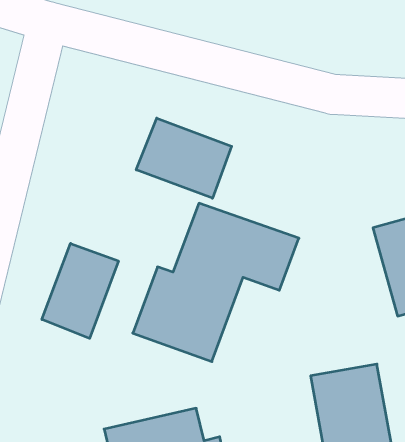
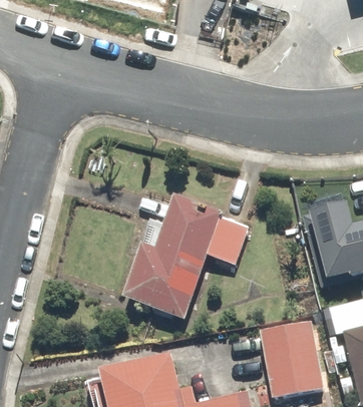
building: [136,118,232,198] -> none
building: [42,243,118,338] -> none

